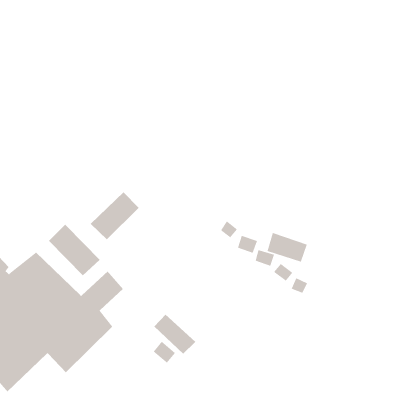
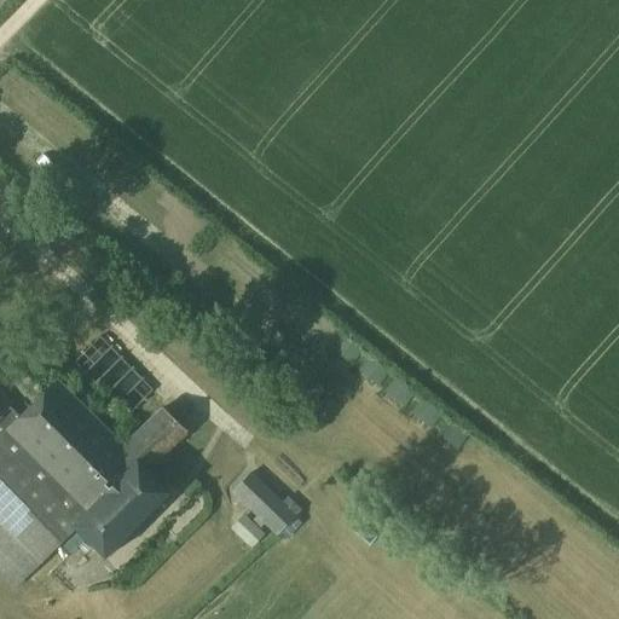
building: [90,192,140,240] -> none
building: [267,232,307,263] -> none

